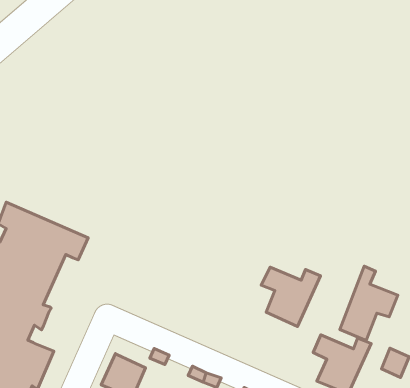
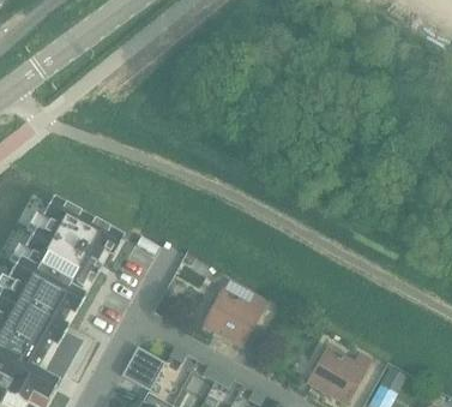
building: [340,266,398,340] -> none
building: [261,267,321,326] -> [213,288,269,345]

